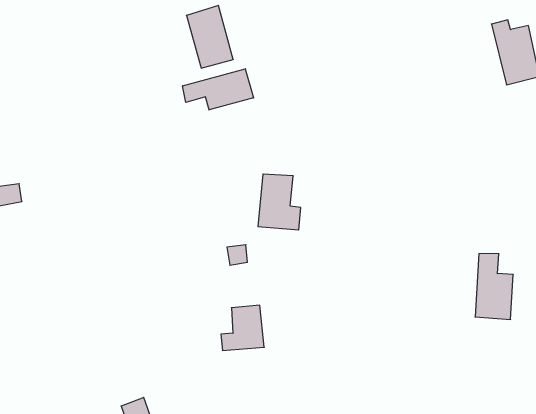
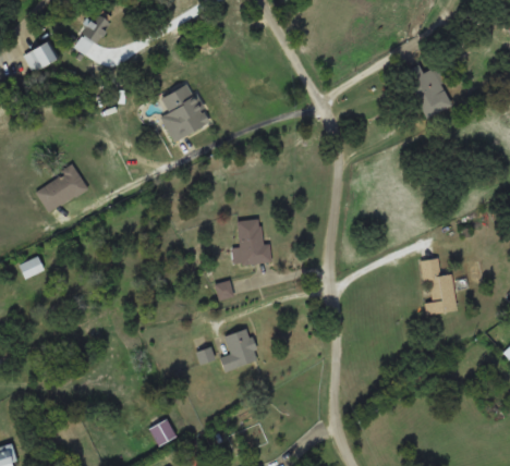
building: [183,69,254,110] -> none
building: none -> [40,164,85,213]

